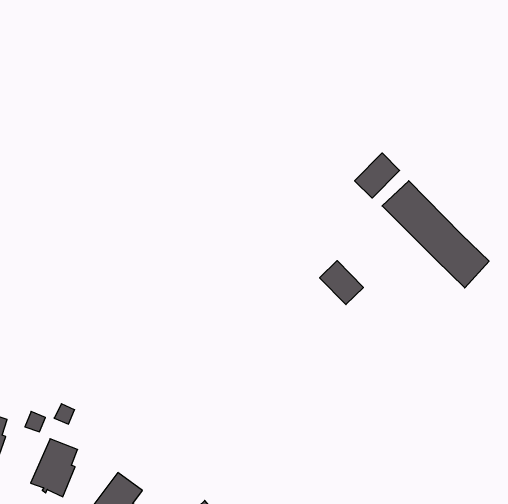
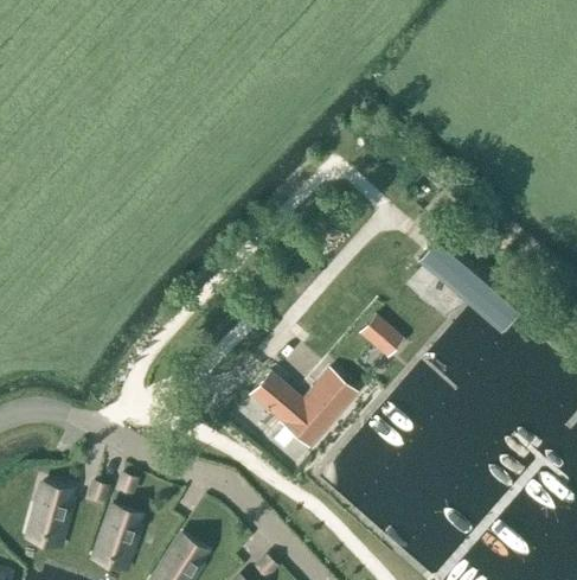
building: [355,153,400,198] -> none
building: none -> [248,369,355,446]

